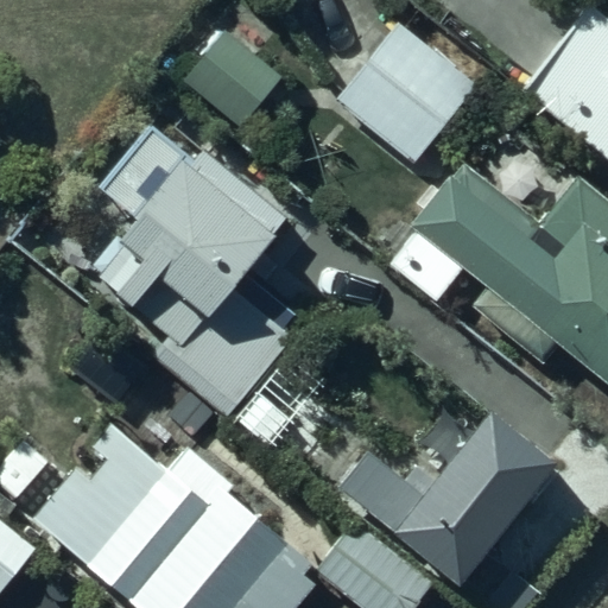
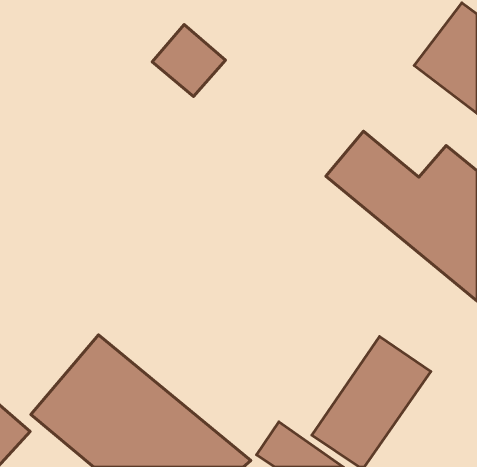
building: [337,20,477,159] -> none
building: [104,176,284,391] -> none

